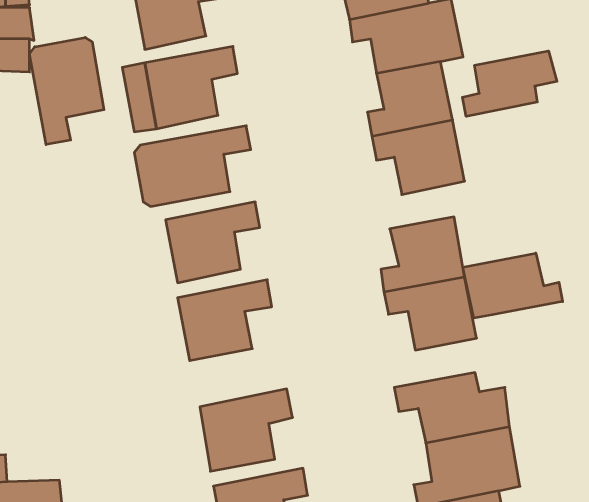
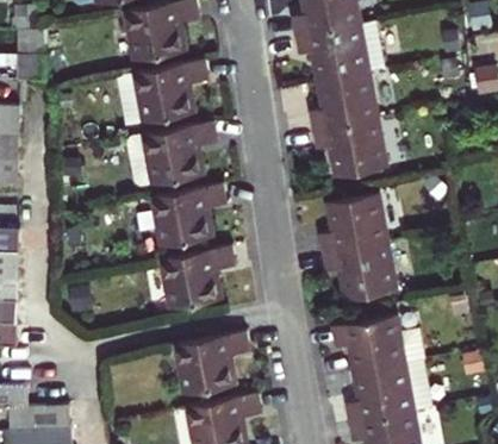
building: [30,37,104,145] -> none
building: [462,51,557,116] -> none
building: [463,253,563,318] -> none

